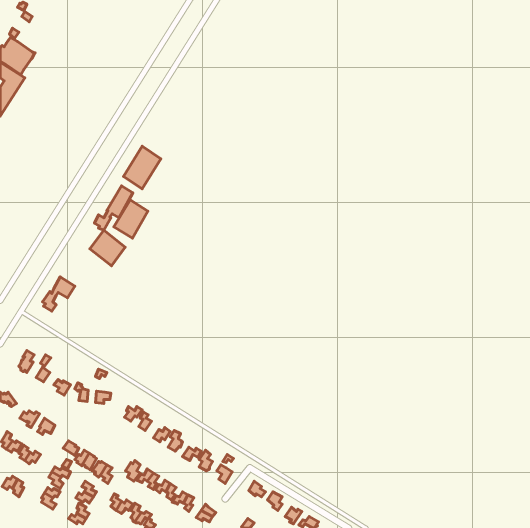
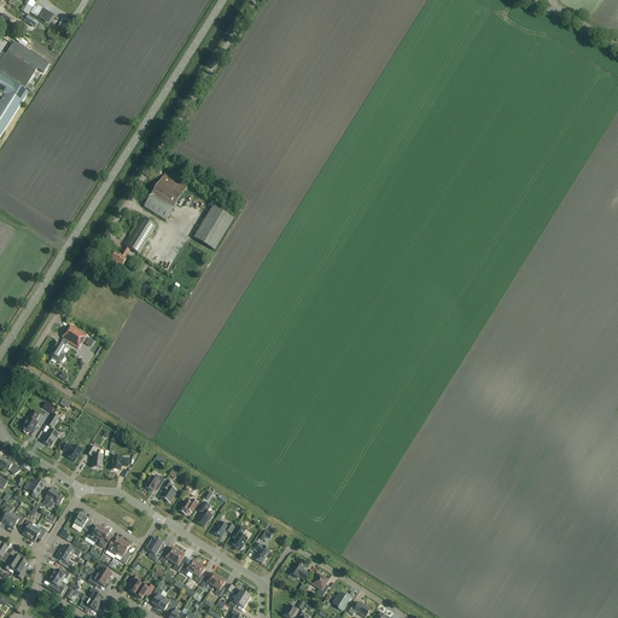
building: [114,200,148,238] -> [193,204,233,249]
building: [90,230,125,266] -> none

